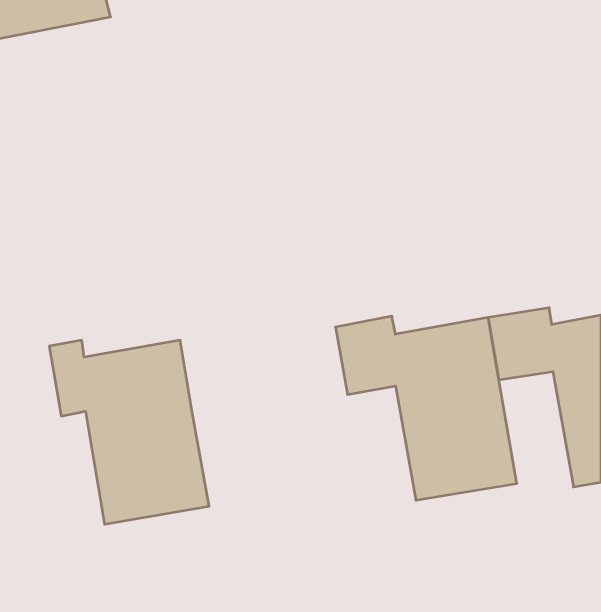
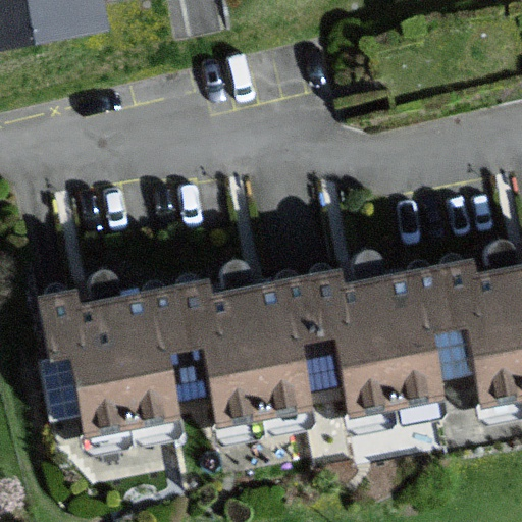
building: none -> [153,277,309,432]

